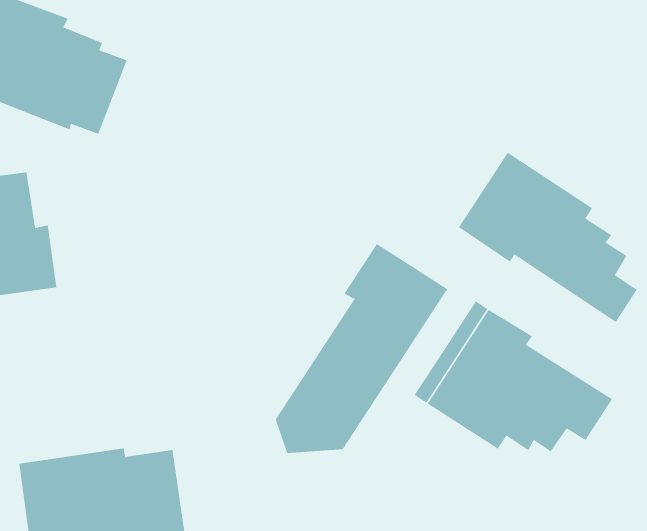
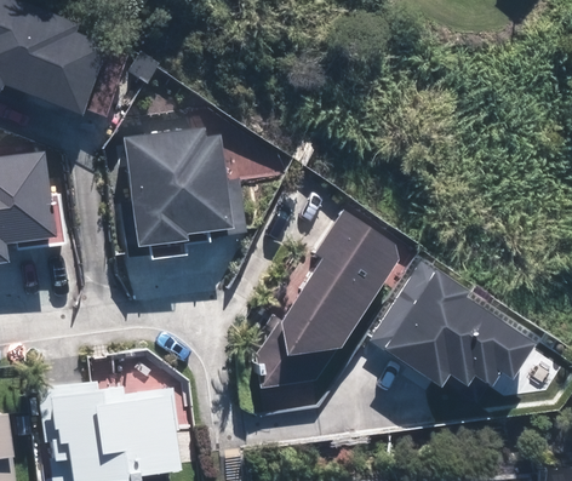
building: none -> [104,125,246,260]
building: [458,152,637,323] -> none

